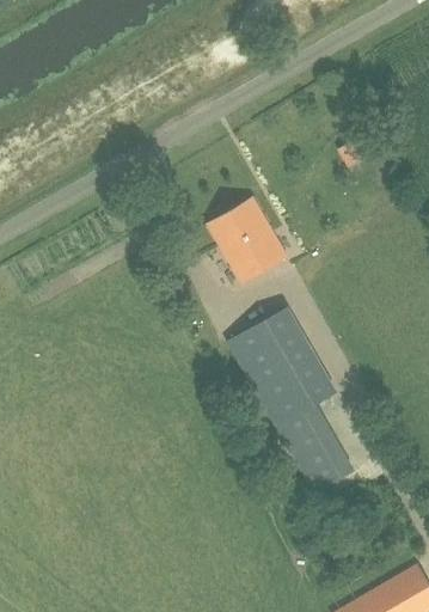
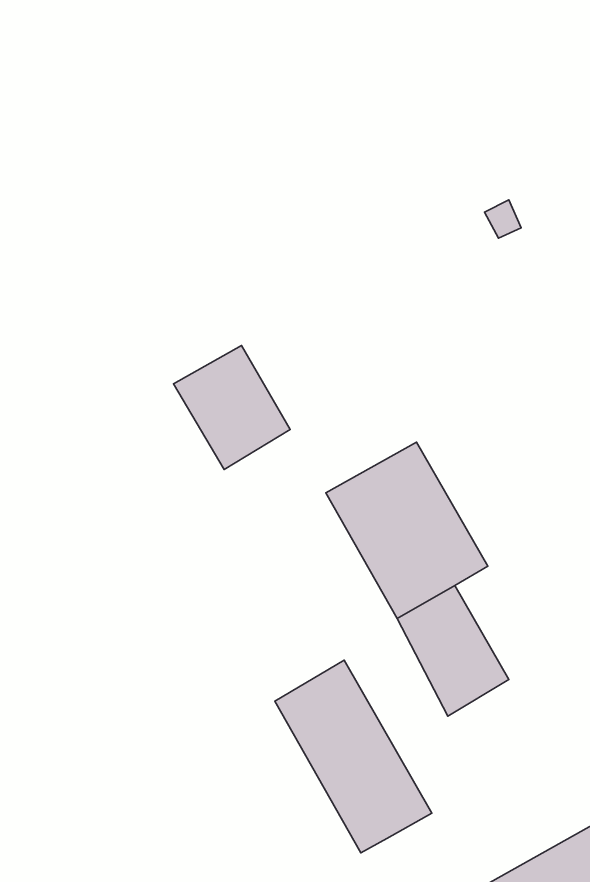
building: [208,198,288,283] -> [173,346,290,469]
building: none -> [275,660,432,853]

